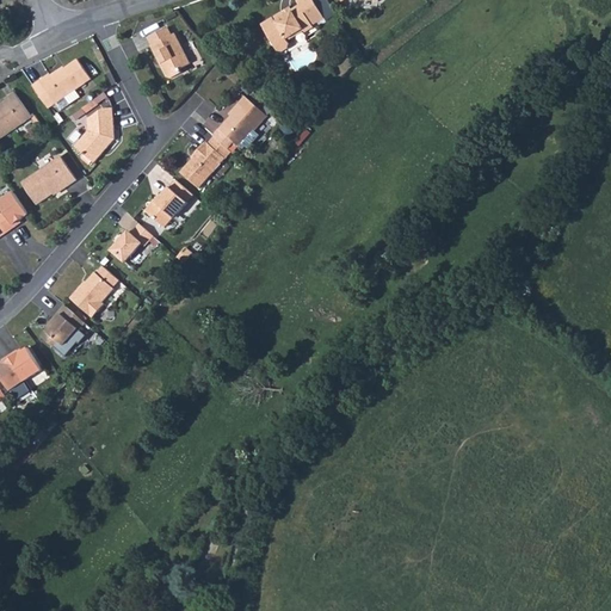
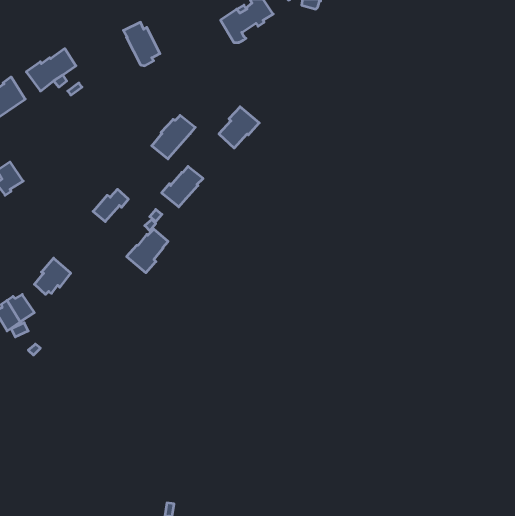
building: [218,95,266,144] -> [219,107,259,148]
building: [74,106,113,162] -> none
building: [20,155,75,204] -> none
building: [143,179,192,227] -> [162,166,203,207]
building: [69,265,118,316] -> [127,229,168,273]

